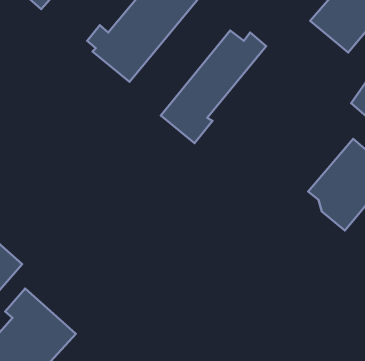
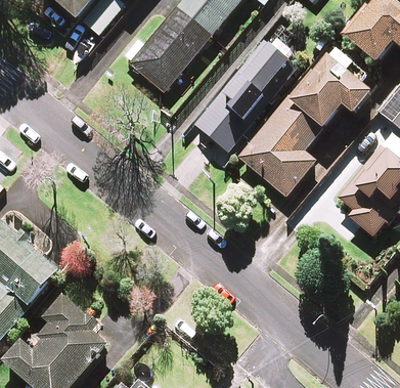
building: none -> [236,51,371,197]

